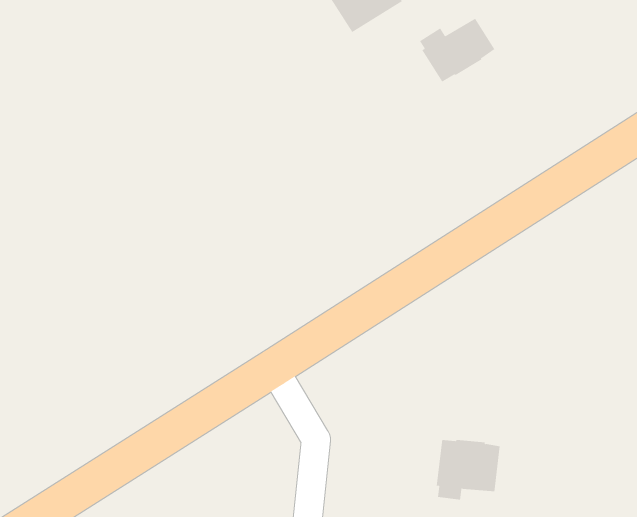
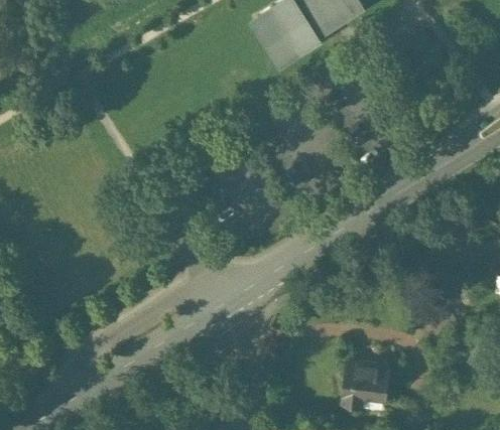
building: [419,18,495,83] -> none

